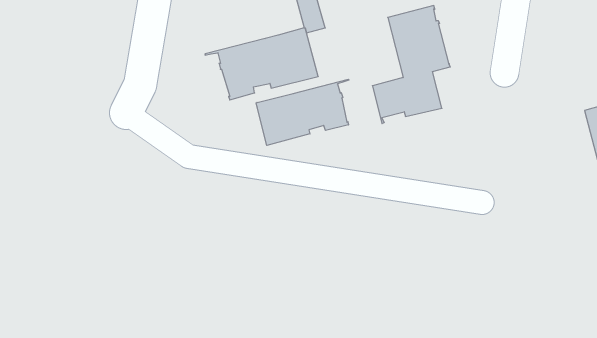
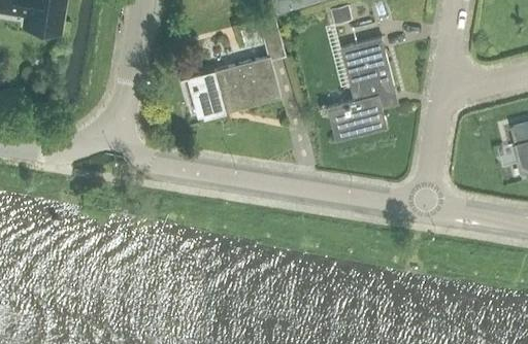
building: [256,79,349,145] -> none

